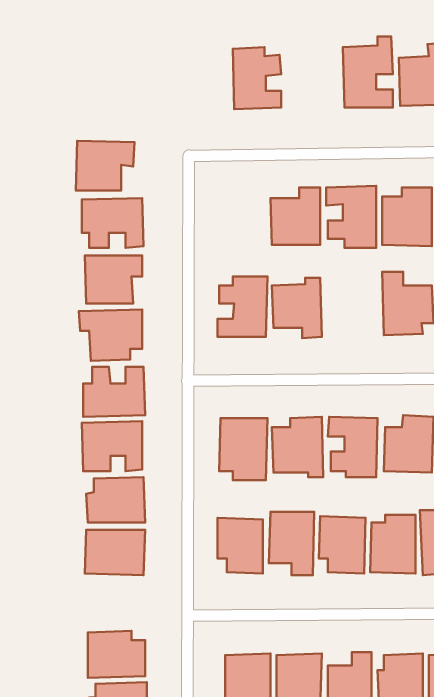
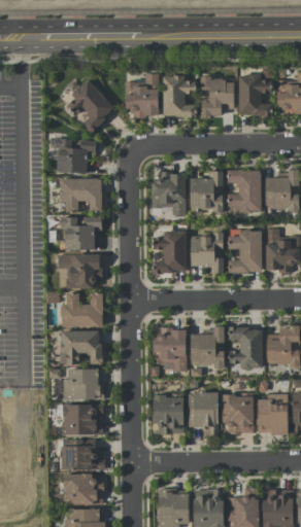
building: none -> [125,74,159,117]
building: none -> [200,78,234,117]
building: none -> [66,79,114,132]
building: none -> [150,173,186,215]
building: none -> [228,231,262,273]
building: none -> [61,440,105,470]

